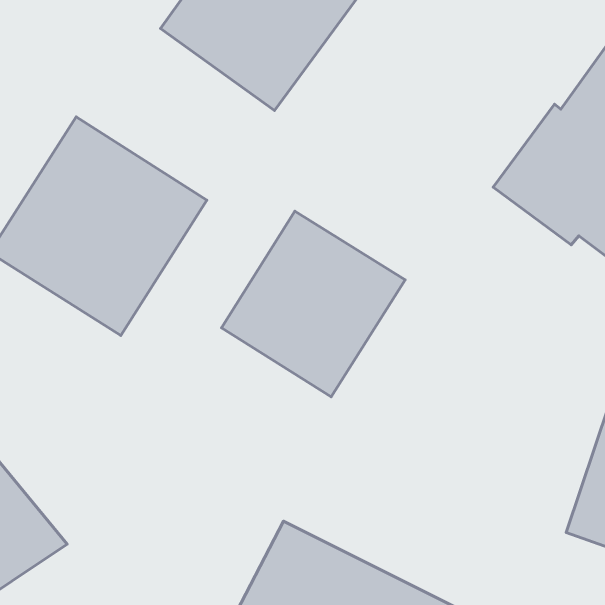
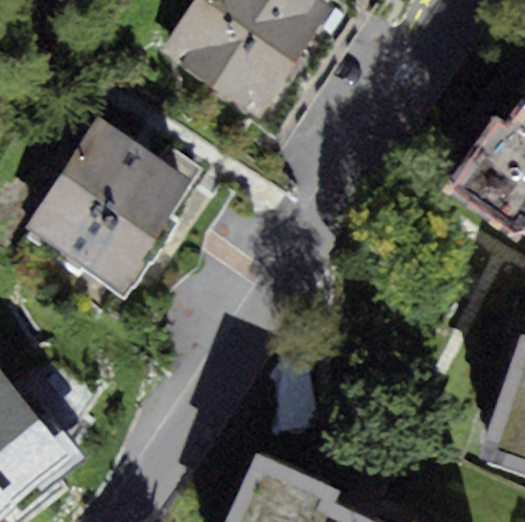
building: [222,211,405,397] -> none

